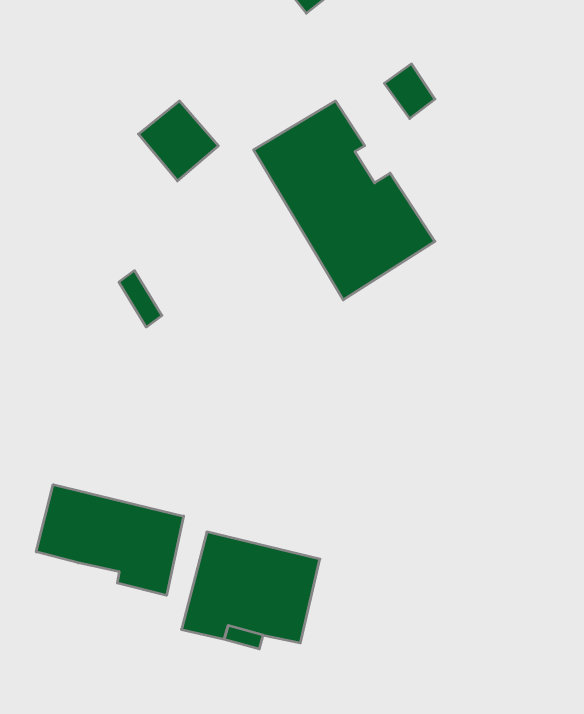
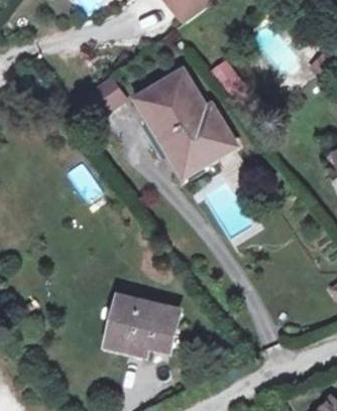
building: [36,485,184,595] -> none

